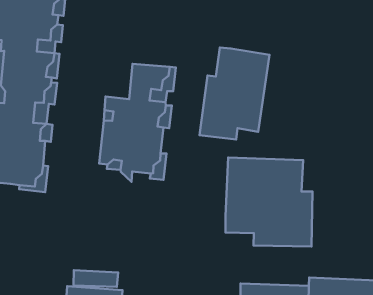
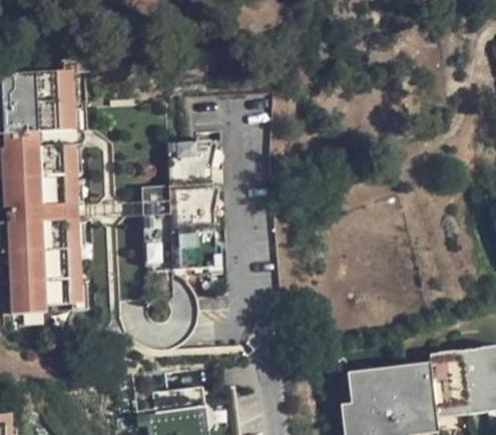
building: [199,48,270,140] -> none
building: [225,157,313,247] -> none

